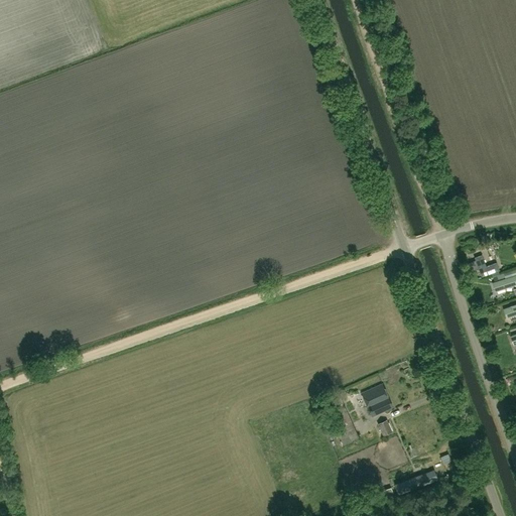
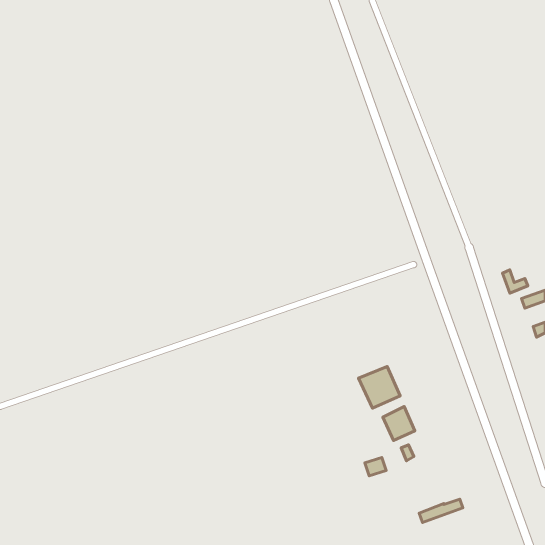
building: none -> [358,366,400,408]

